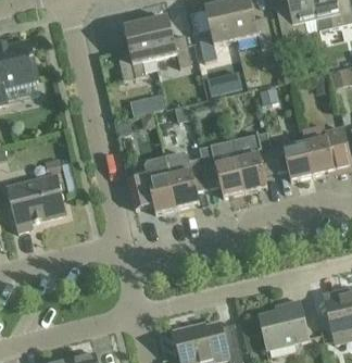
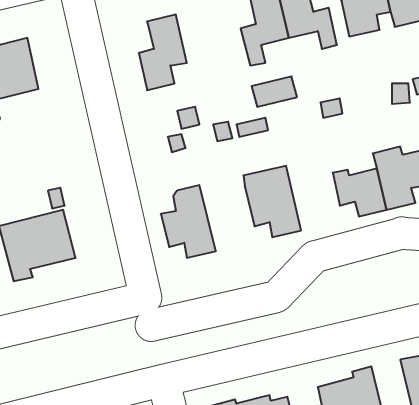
building: [146,16,191,67] -> none
building: [232,132,275,191] -> none
building: [164,151,208,208] -> none

